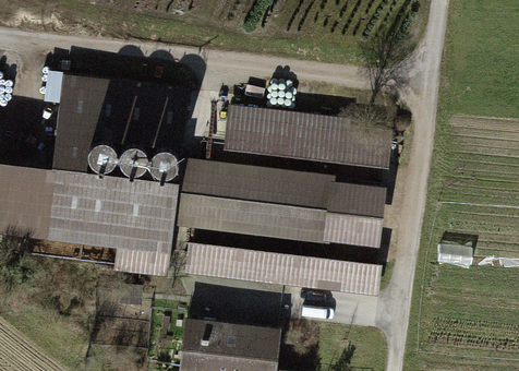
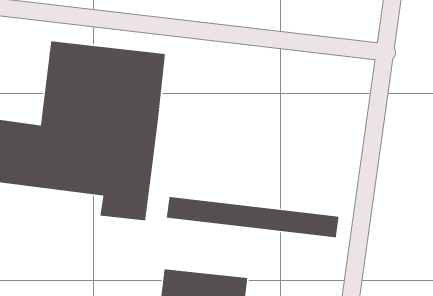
building: [226,117,387,163] -> none
building: [172,159,374,240] -> none

